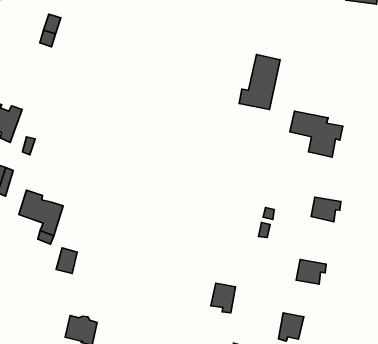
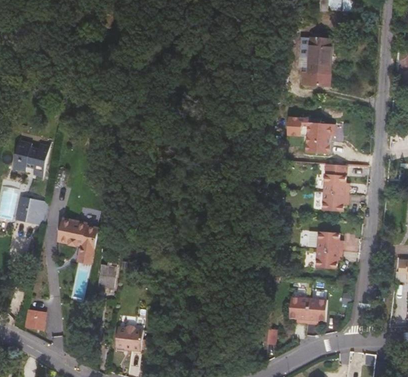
building: [239,55,280,109] -> [300,37,332,85]
building: none -> [323,163,348,191]
building: none -> [307,230,342,249]
building: [211,283,235,313] -> [288,297,308,322]

